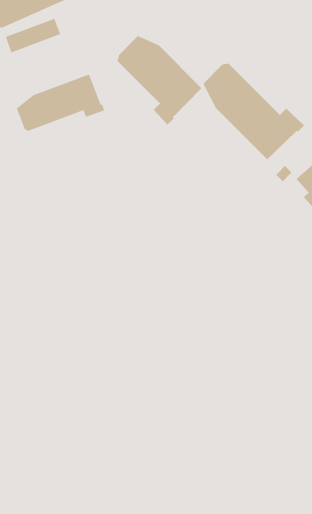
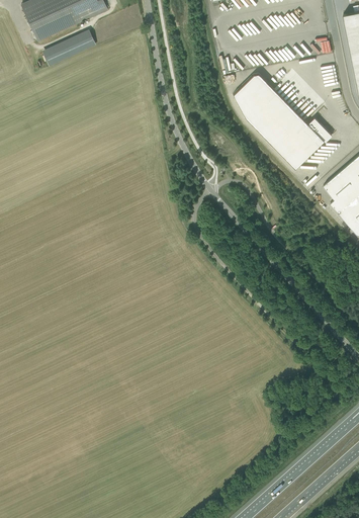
building: [117,35,202,126] -> none
building: [16,74,105,132] -> none

